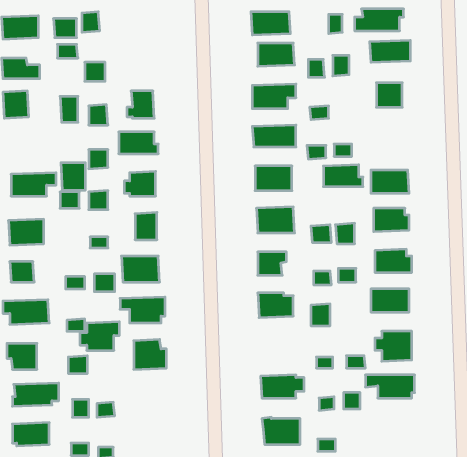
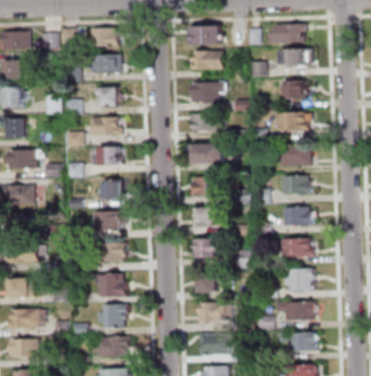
building: none -> [92,29,120,46]
building: none -> [95,55,121,73]
building: [61,163,85,190] -> [6,117,25,138]
building: [323,165,363,187] -> [278,113,308,130]
building: [80,322,119,350] -> [98,305,128,327]
building: none -> [197,273,223,293]
building: none -> [279,333,315,350]
building: none -> [92,337,129,357]

